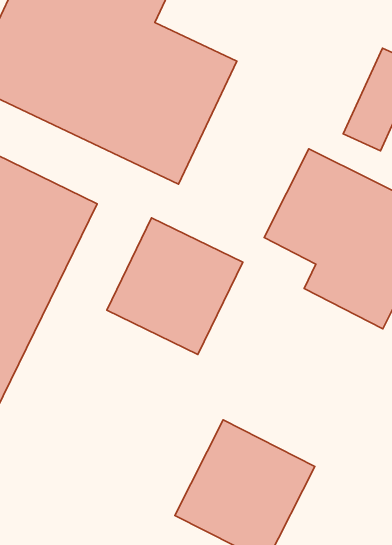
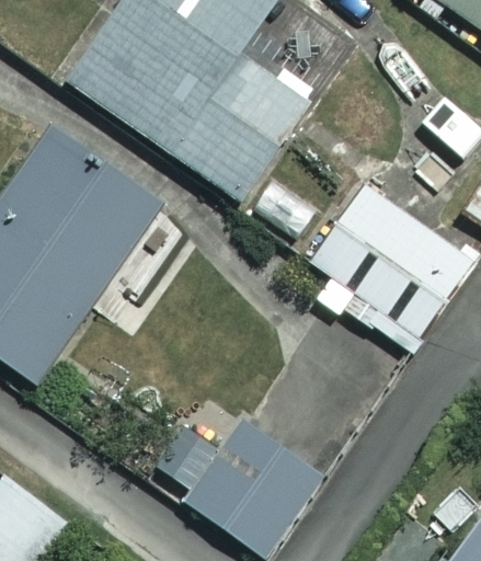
building: [107,218,243,354] -> none

